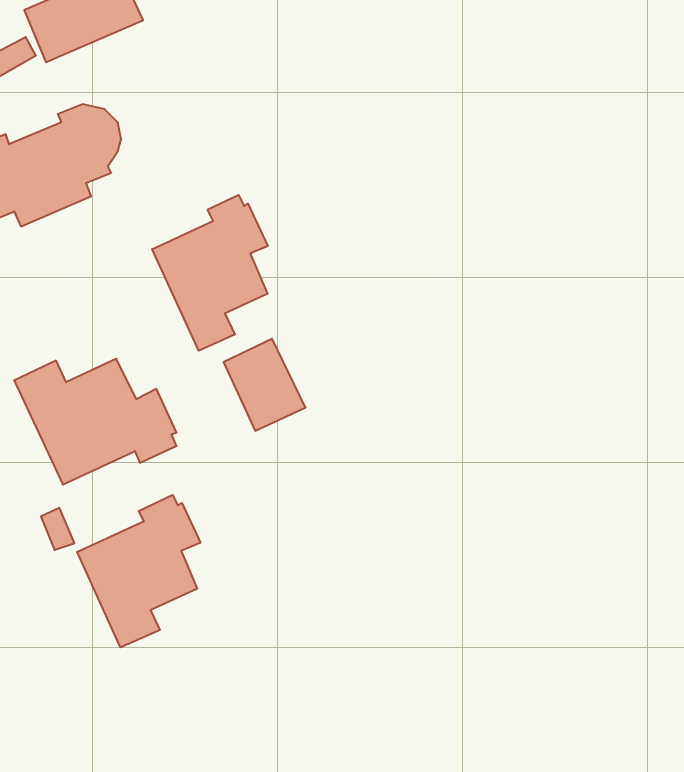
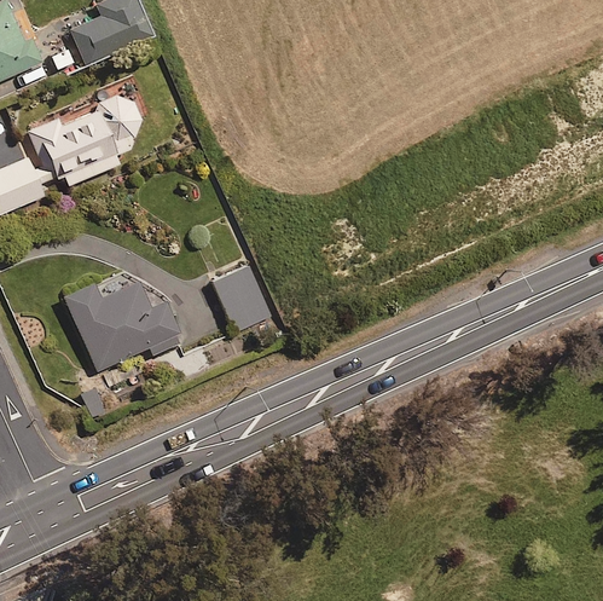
building: [152,195,268,351] -> none
building: [77,495,200,647] -> none

